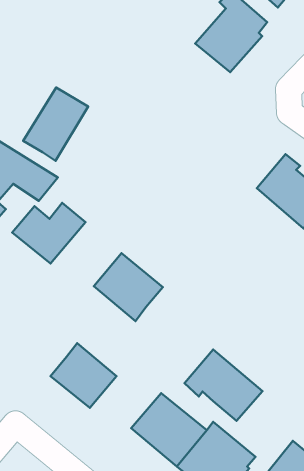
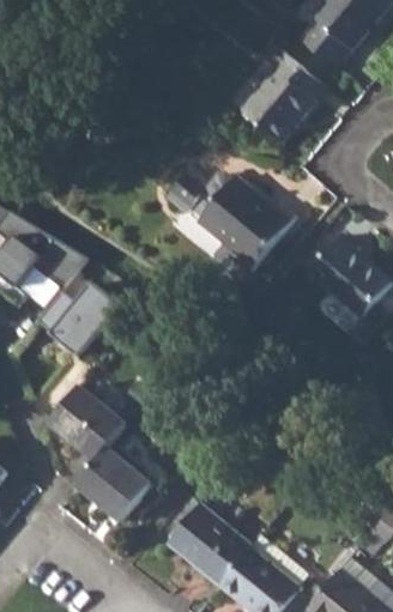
building: [23,87,88,161] -> none
building: none -> [167,168,294,271]
building: [94,253,163,321] -> [48,386,126,462]
building: [184,350,263,421] -> none

